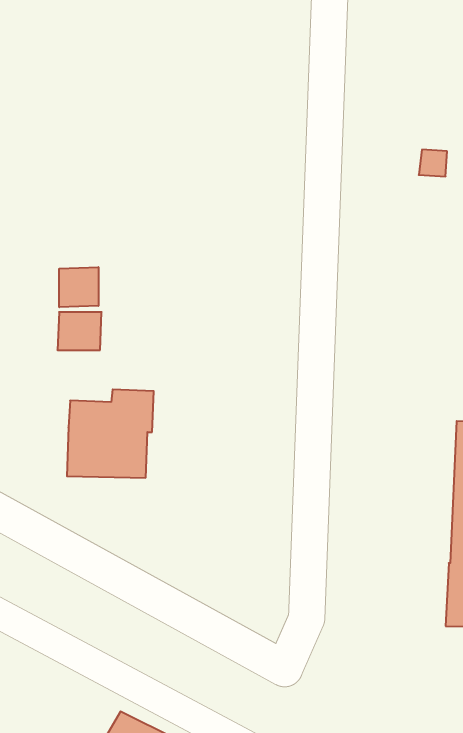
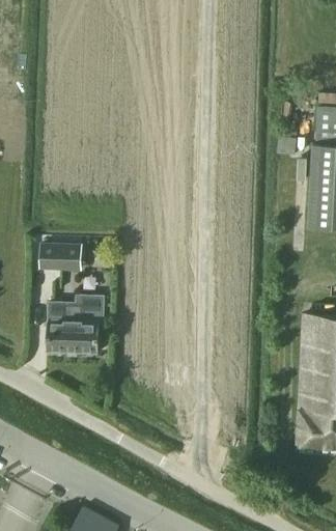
building: [59,267,98,307] -> none

